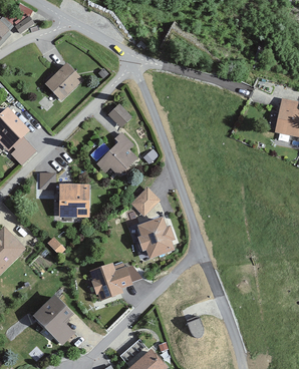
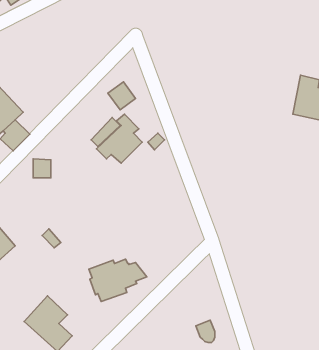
building: [44,62,84,101] -> none
building: [59,185,90,218] -> none
building: [131,188,161,217] -> none
building: [137,217,176,259] -> none

